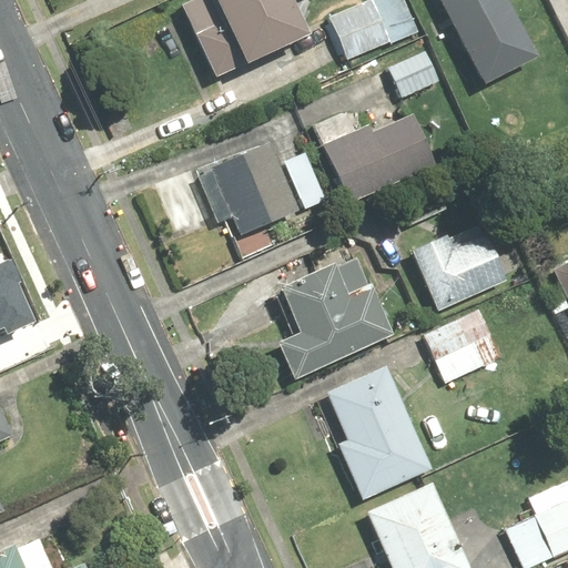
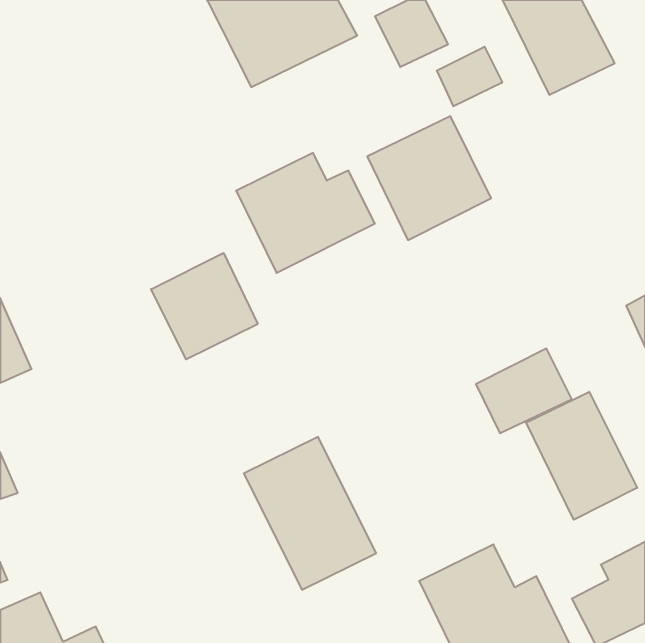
building: [407,215,513,308] -> none
building: none -> [151,253,258,359]
building: [272,252,396,382] -> none
building: none -> [526,392,637,520]
building: [317,365,434,499] -> [244,437,376,590]

